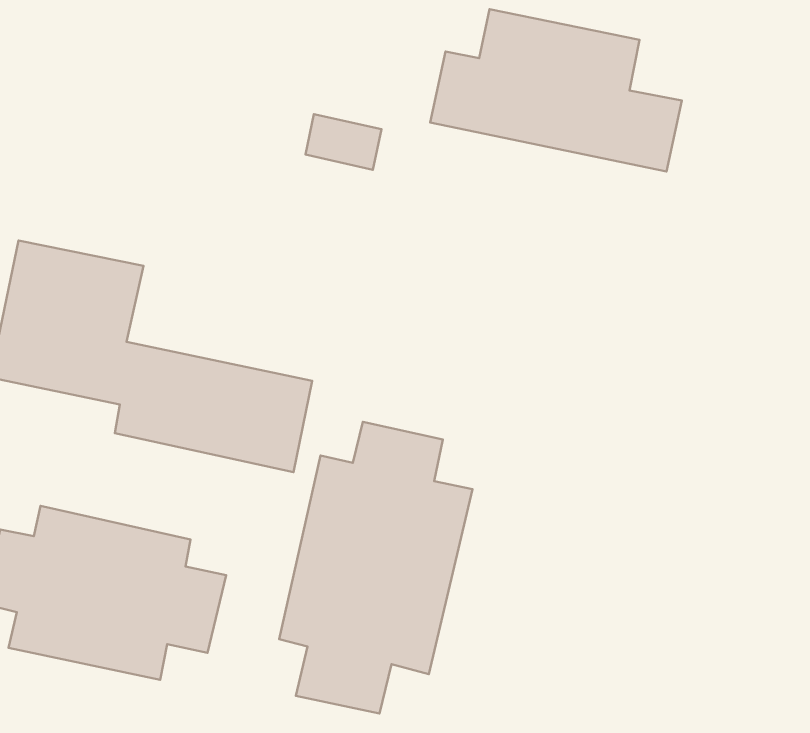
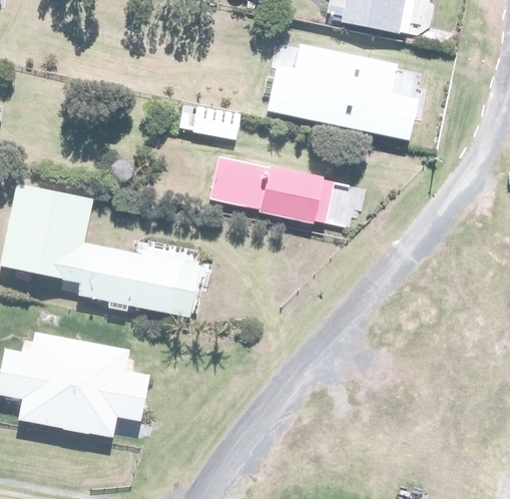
building: none -> [207,153,356,226]
building: [279,422,472,713] -> none

